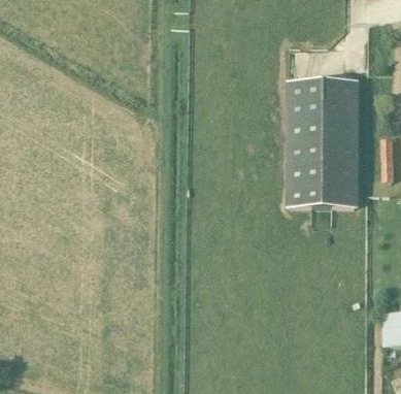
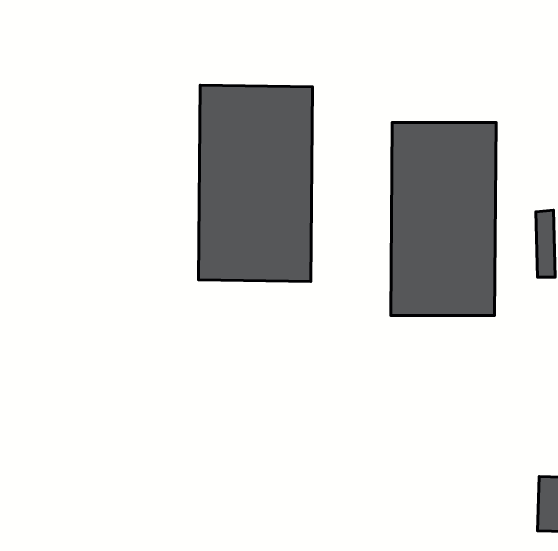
building: none -> [199,85,313,282]

